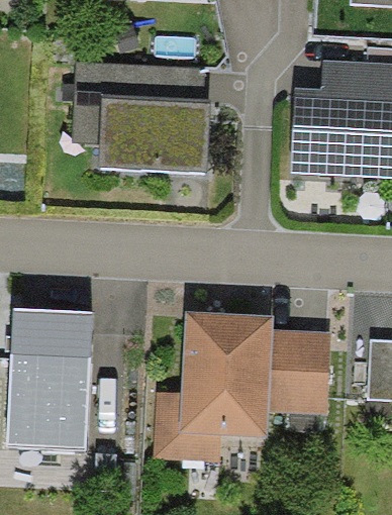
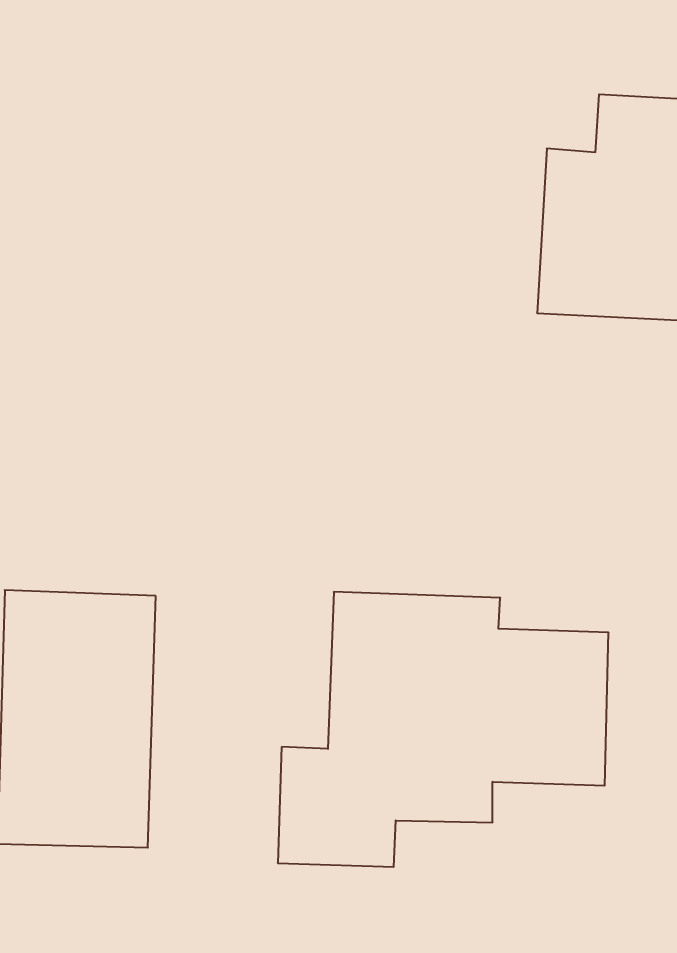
building: [72,60,210,171] -> none

